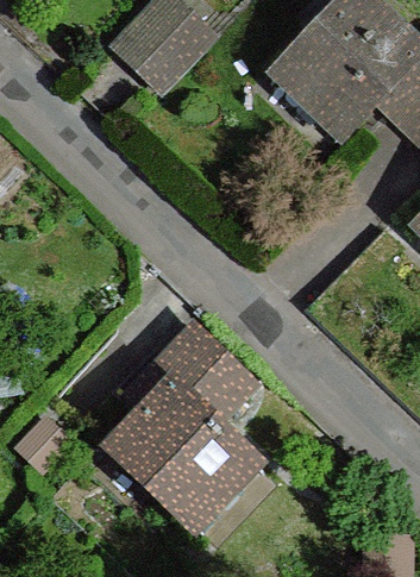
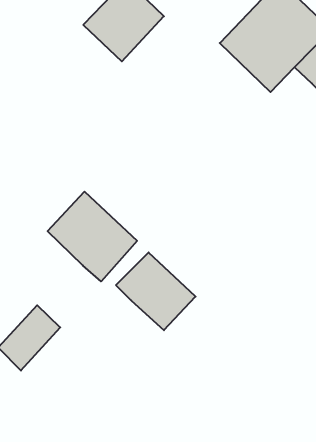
building: none -> [48,192,137,281]
building: [111,388,250,522] -> none

